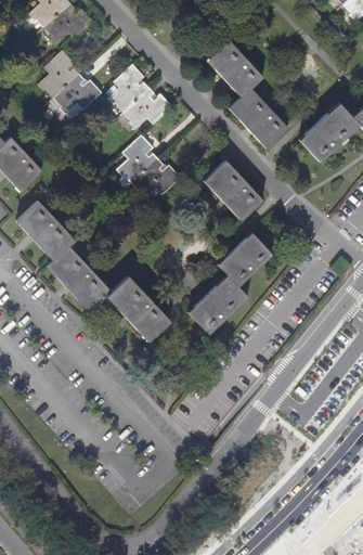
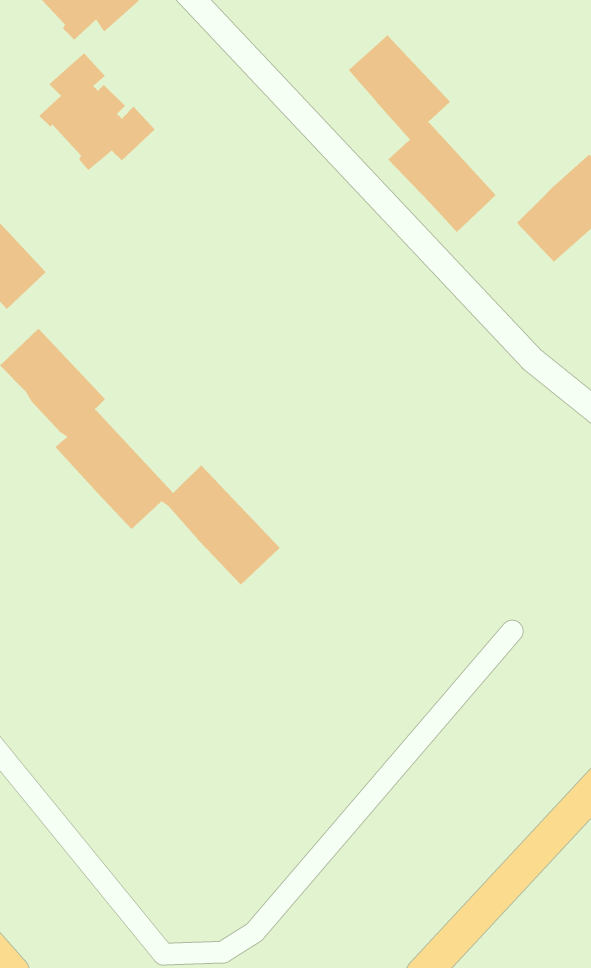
building: [108,64,172,129] -> none
building: [117,134,181,199] -> none
building: [204,159,262,220] -> none
building: [187,232,272,334] -> none

